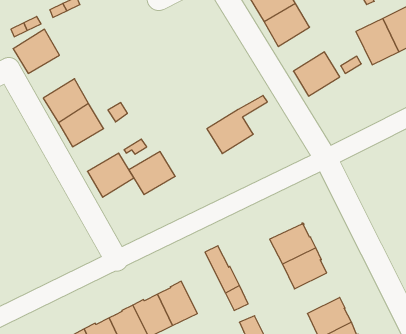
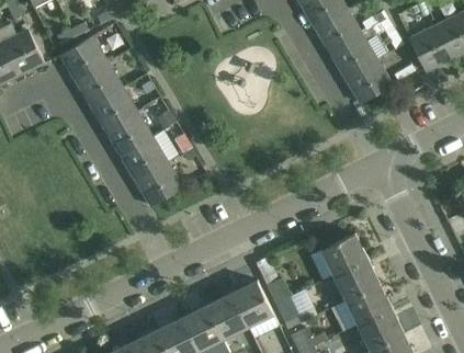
building: none -> [75,62,122,106]
building: [207,95,267,154] -> [329,20,391,79]
building: [129,152,175,195] -> [120,137,167,181]
building: none -> [230,281,272,326]
building: none -> [346,284,392,326]

